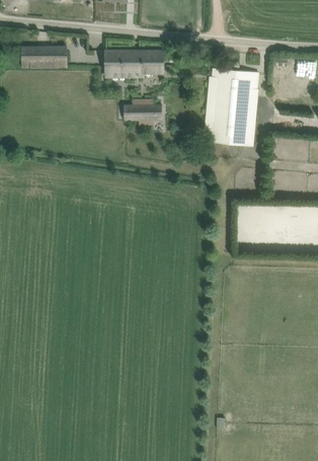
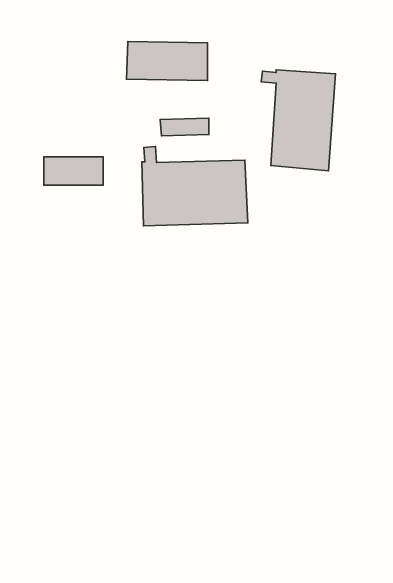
building: [22,50,67,71] -> [44,157,103,185]
building: none -> [142,146,248,226]

